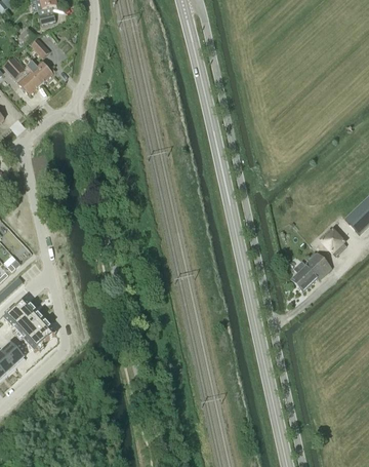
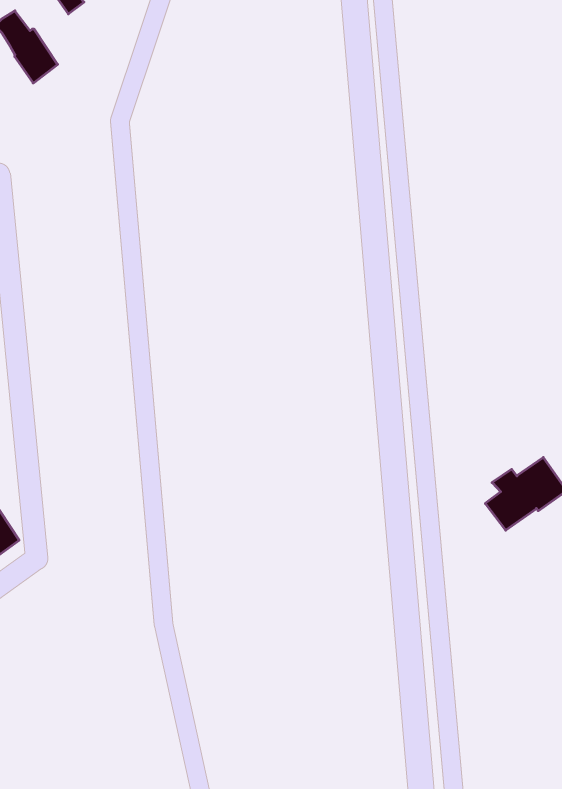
building: [27,57,55,83] -> none

